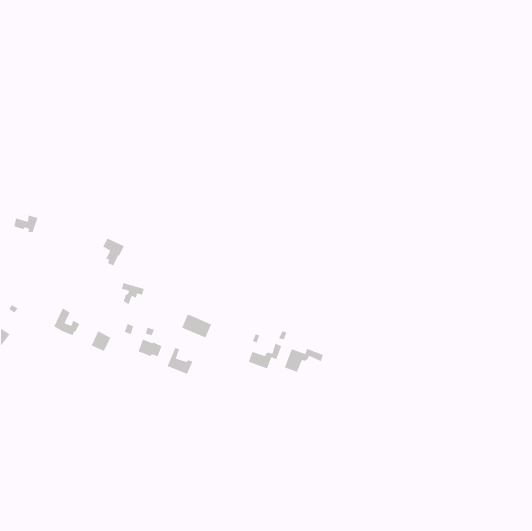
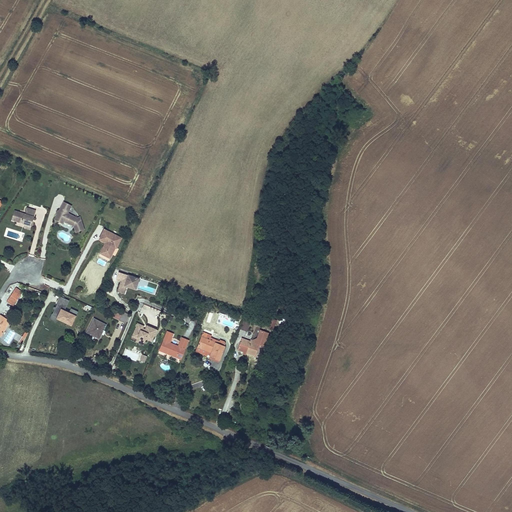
building: none -> [55,201,84,231]
building: [181,314,212,339] -> [195,337,225,361]
building: [284,348,324,373] -> none

